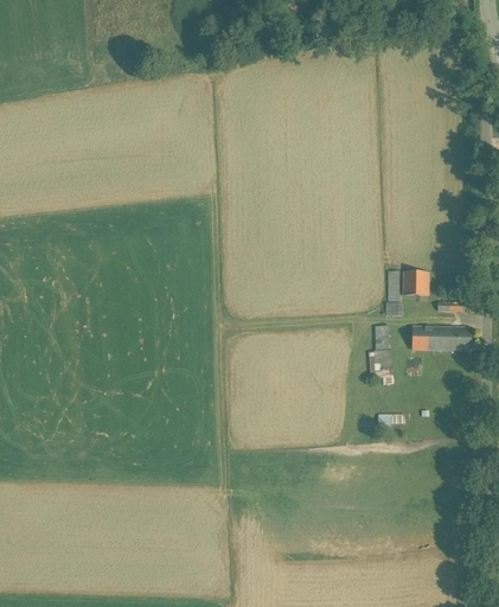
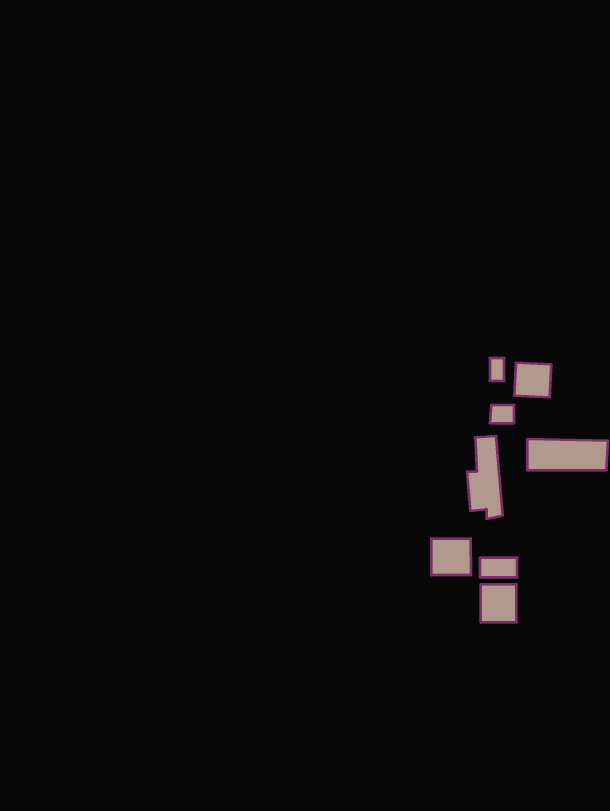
building: none -> [431,538,471,575]
building: none -> [481,584,516,623]

